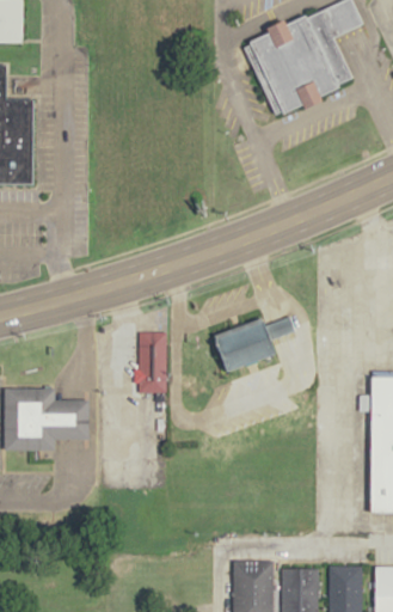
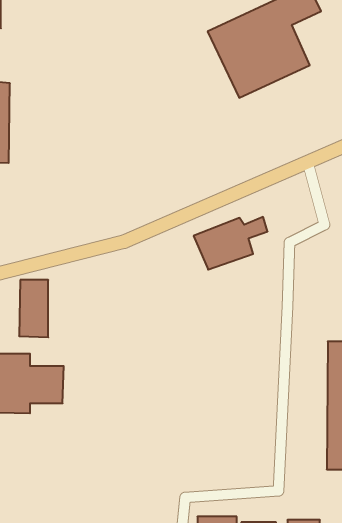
building: [216,316,295,372] -> [194,217,268,270]
building: [136,332,167,393] -> [19,280,48,337]

